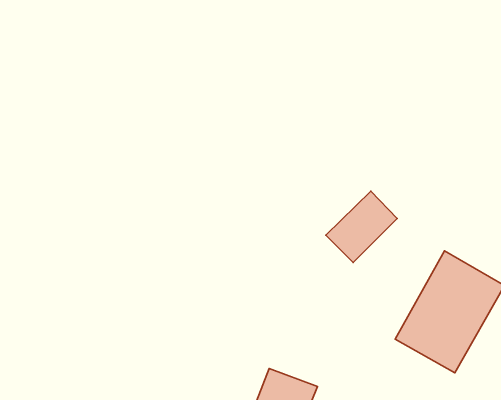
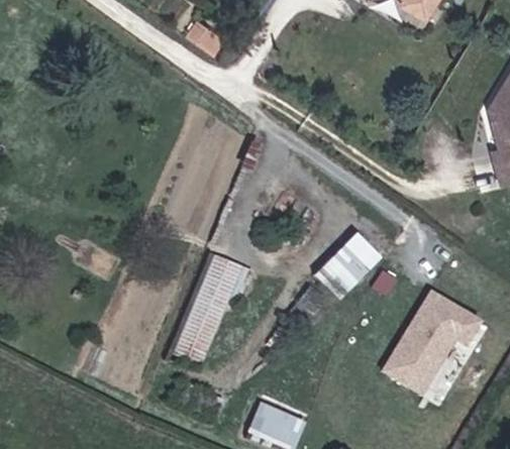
building: none -> [174,251,249,363]

